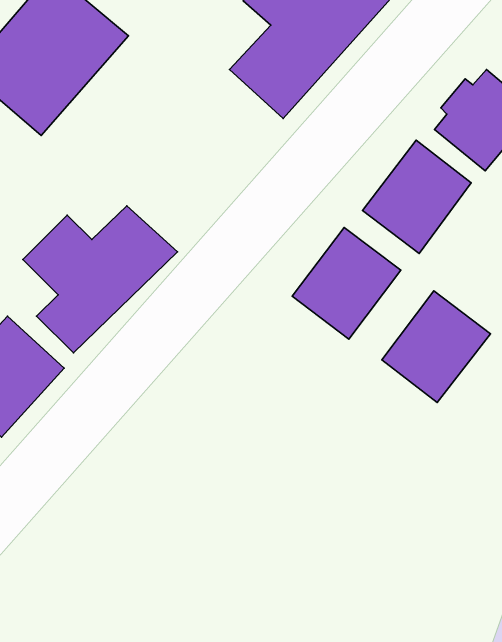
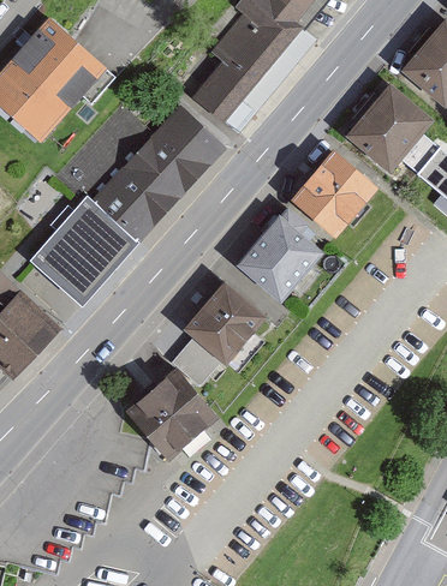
building: none -> [94,85,239,233]
building: [382,291,491,403] -> [181,277,267,365]
building: none -> [131,366,220,453]

